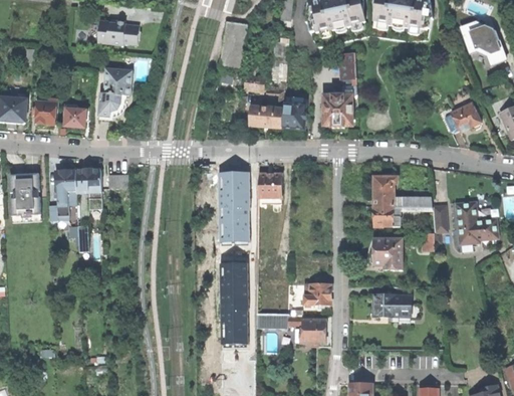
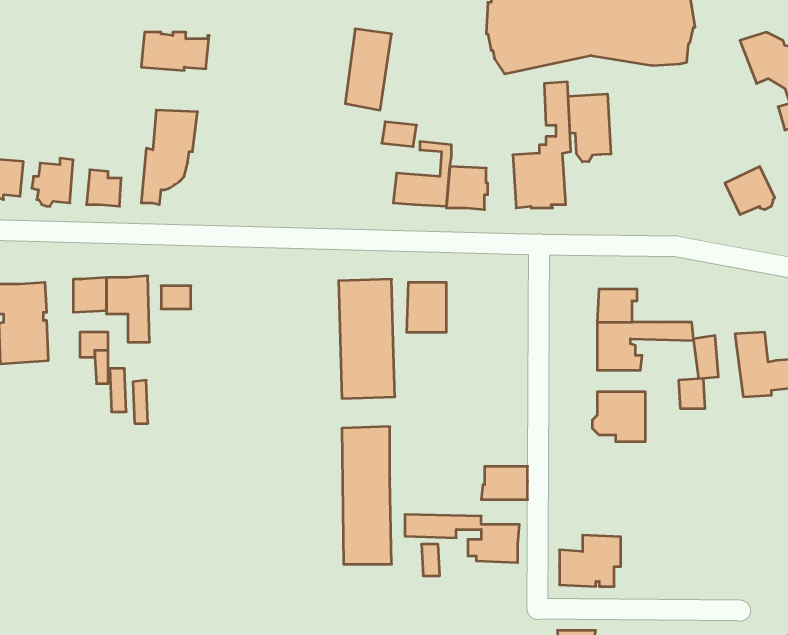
building: none -> [568,94,611,162]
building: [373,285,411,317] -> [559,535,621,586]

